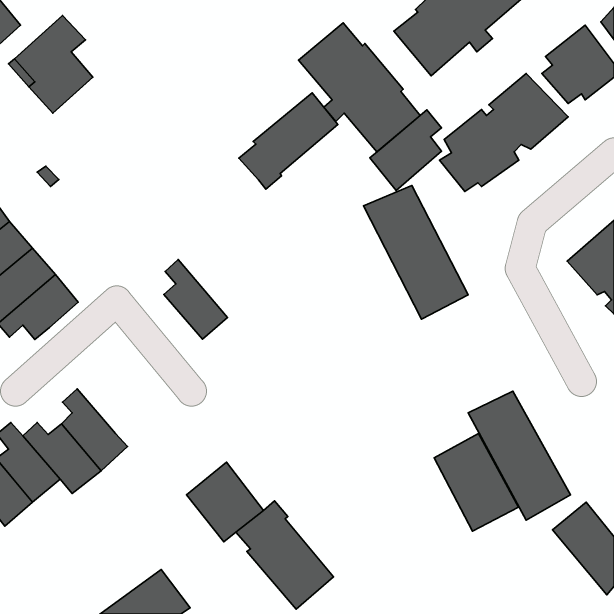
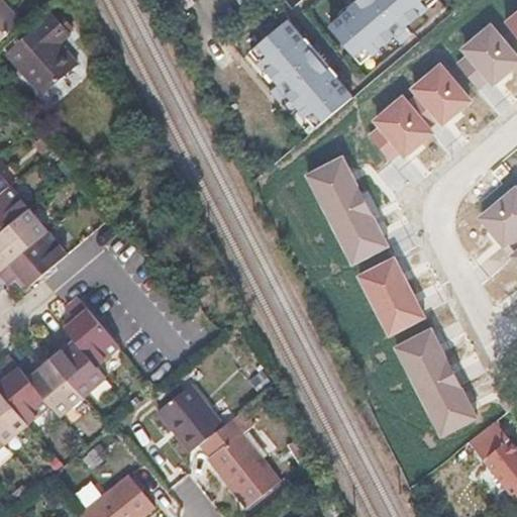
building: [239,93,338,189] -> none
building: [370,110,441,191] -> none
building: [164,260,228,339] -> [65,297,118,364]
building: [434,434,518,531] -> [356,254,427,336]

